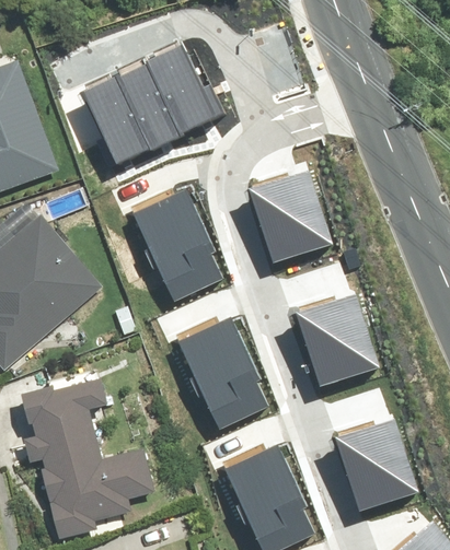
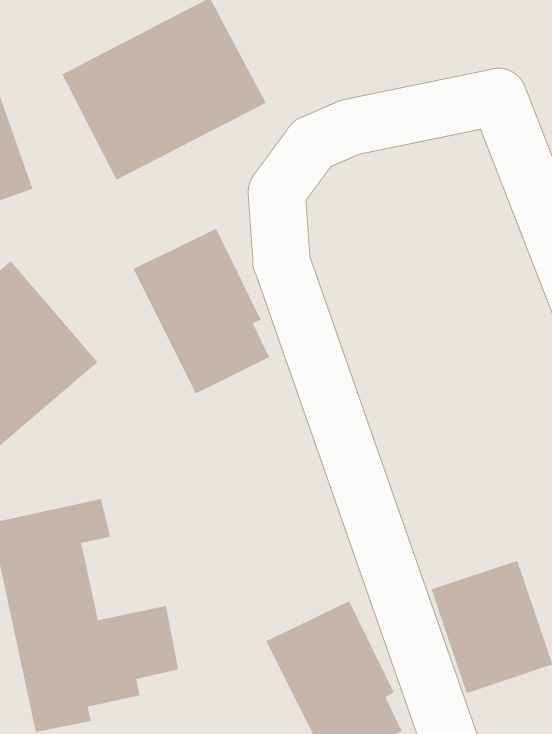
building: [246,167,328,258] -> none
building: [291,299,374,389] -> none
building: [172,319,265,432] -> none

